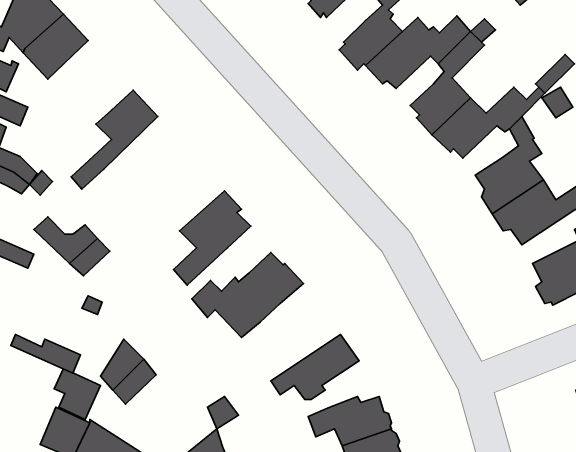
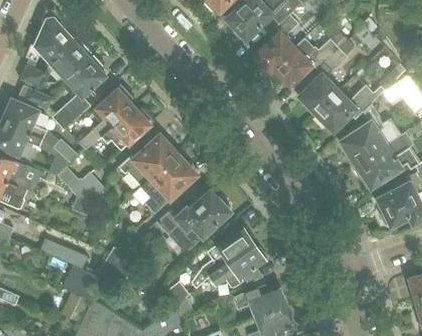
building: none -> [51,55,108,131]
building: none -> [101,104,153,151]
building: none -> [118,136,179,187]
building: none -> [190,227,254,286]

